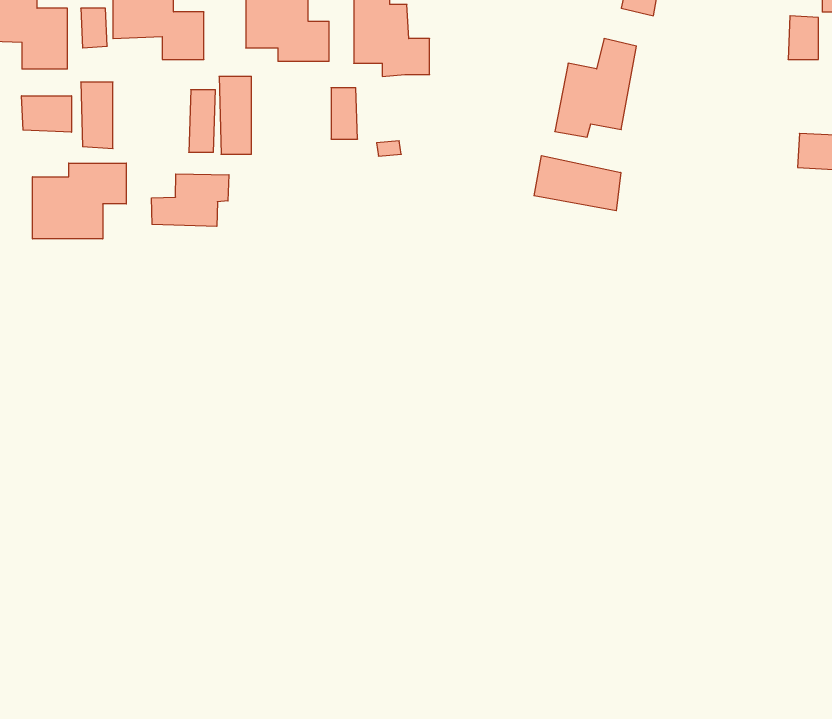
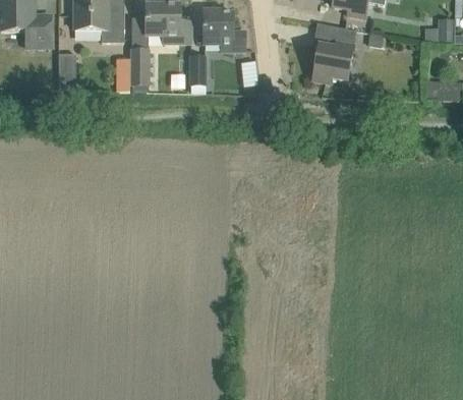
building: [22,96,71,132] -> none
building: [534,156,621,211] -> none
building: [33,163,126,239] -> none
building: [152,174,229,226] -> none

